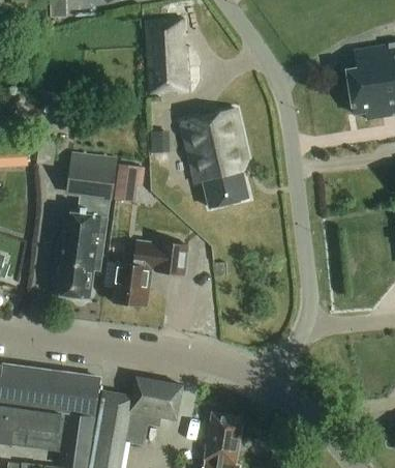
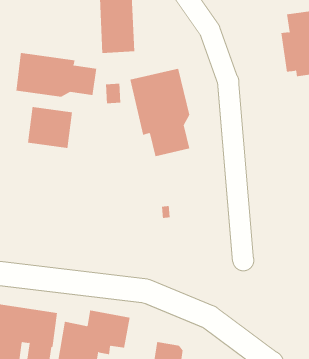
building: none -> [16,52,97,97]
building: [116,164,146,201] -> none
building: [55,211,109,299] -> none
building: [114,241,188,308] -> none

